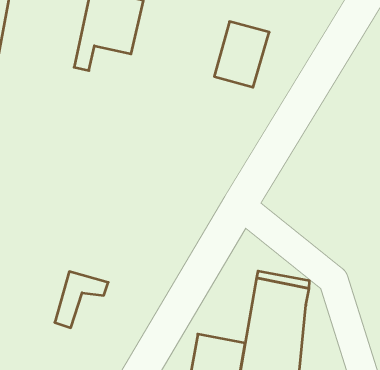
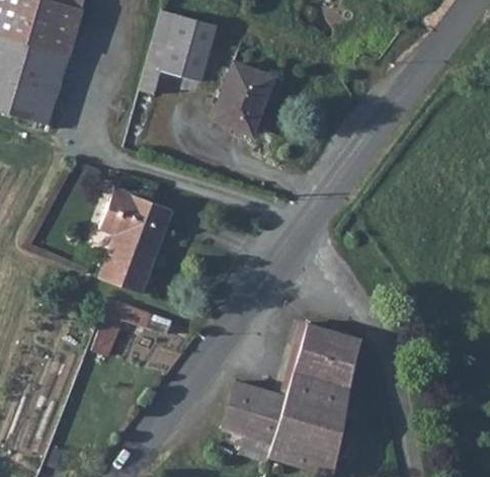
building: [214,22,269,87] -> [214,61,275,132]
building: none -> [97,186,170,293]

